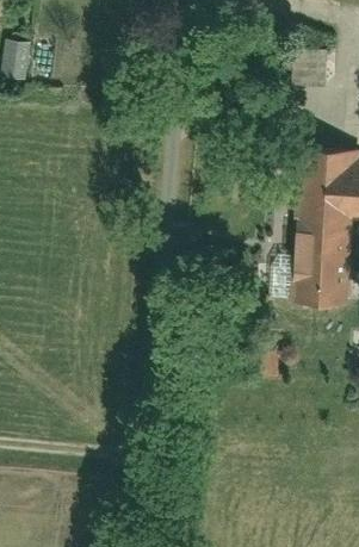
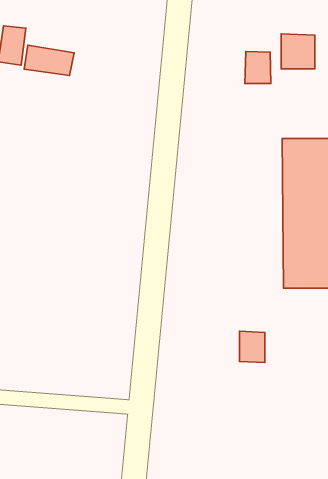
building: none -> [24,45,74,75]
building: none -> [245,51,271,84]

